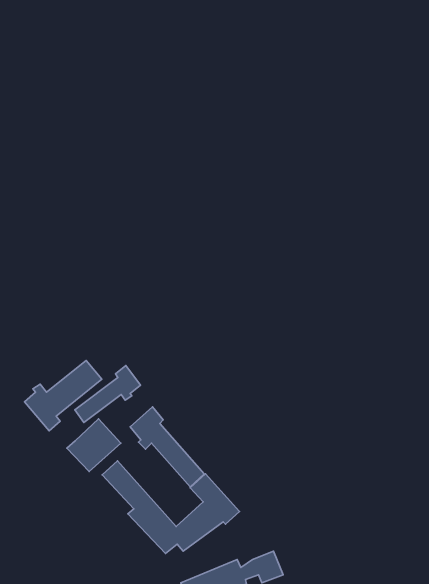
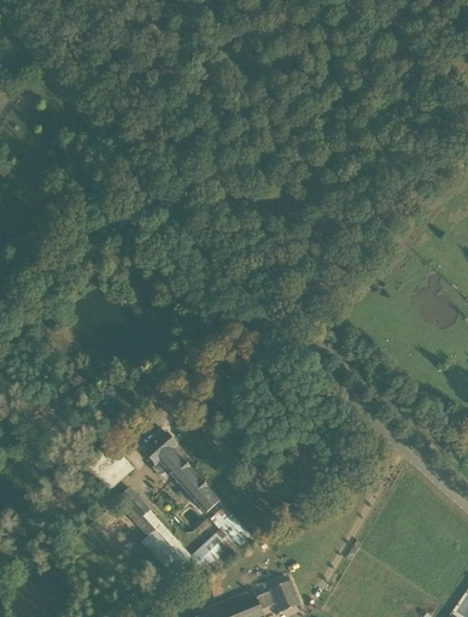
building: [25,361,102,431] -> none
building: [75,366,140,422] -> none

